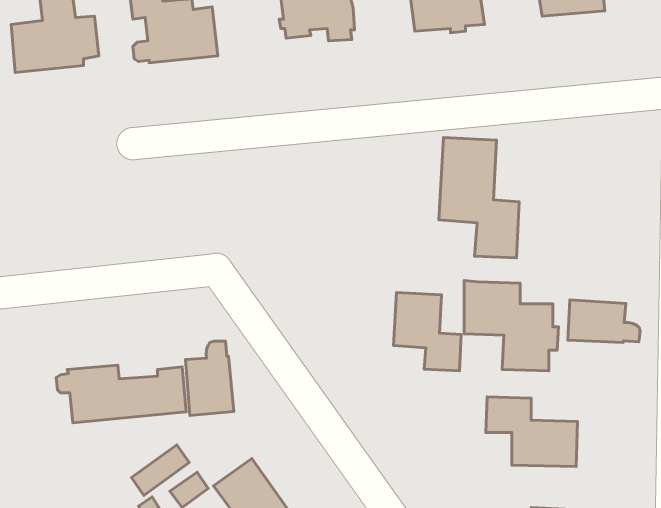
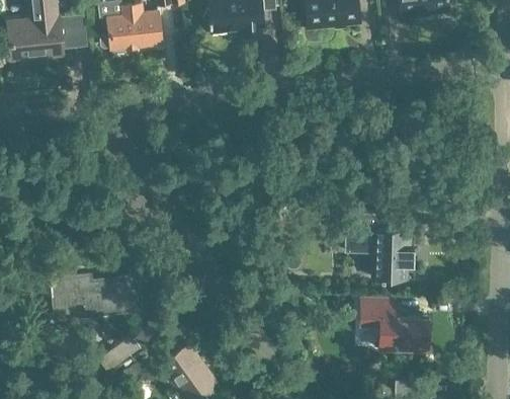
building: [439,138,519,258] -> none
building: [393,292,461,371] -> none
building: [568,300,640,343] -> none
building: [186,341,234,415] -> none

